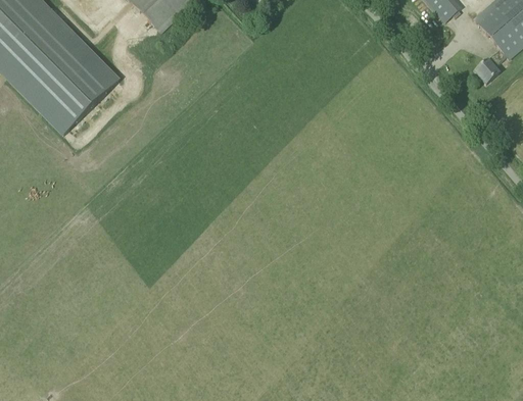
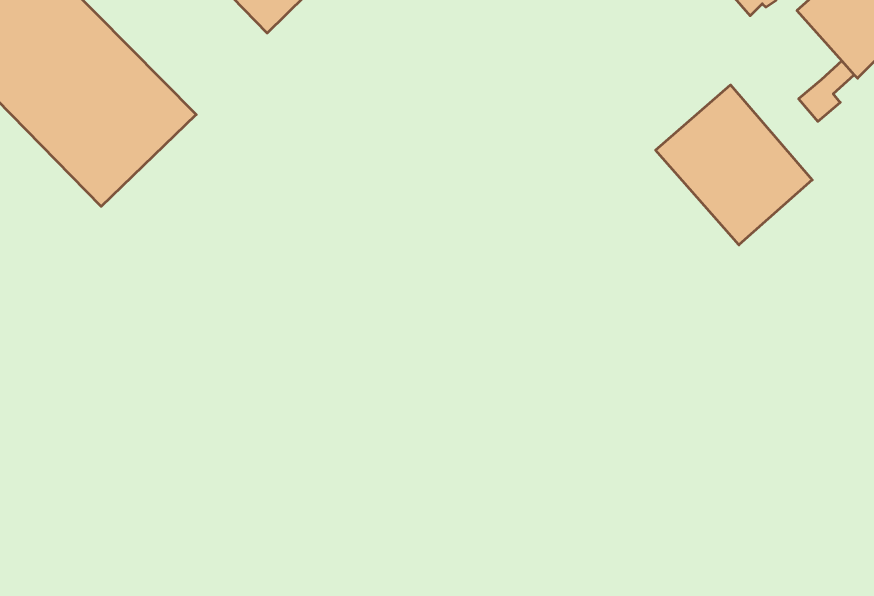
building: none -> [656,85,812,245]

